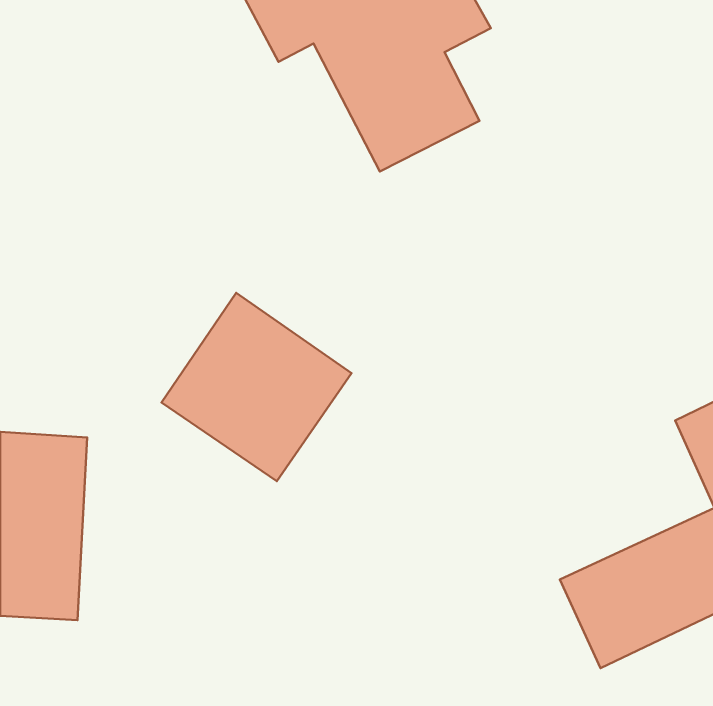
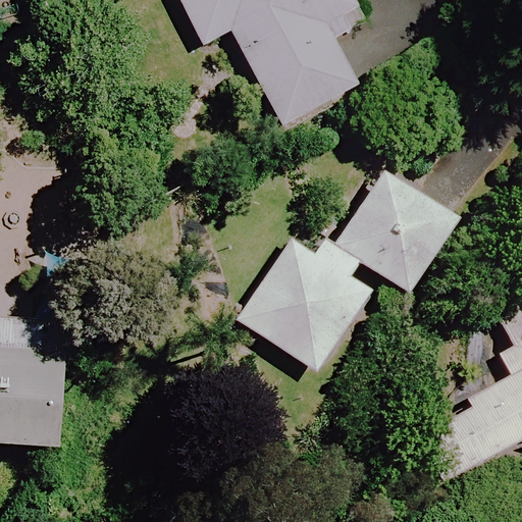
building: none -> [334,168,460,294]
building: [162,293,351,481] -> [238,234,375,371]

